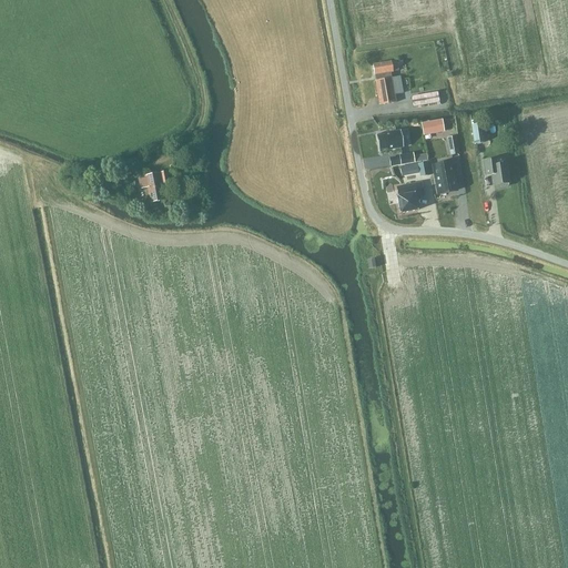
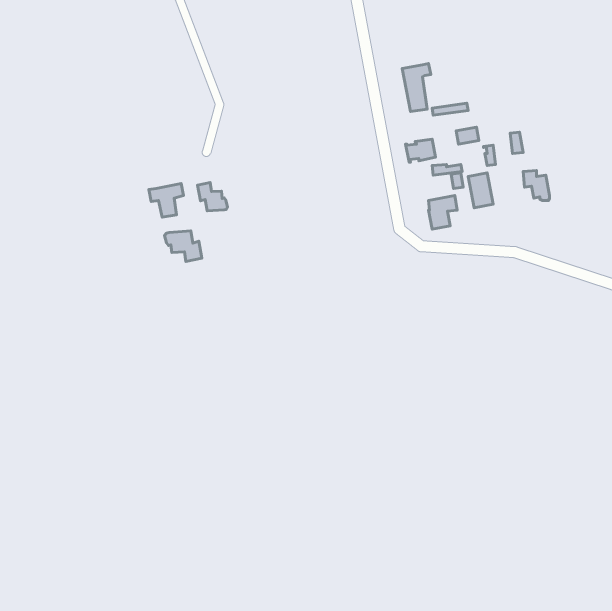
building: none -> [198,183,228,211]
building: none -> [165,231,202,261]

